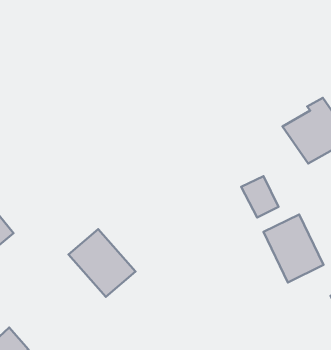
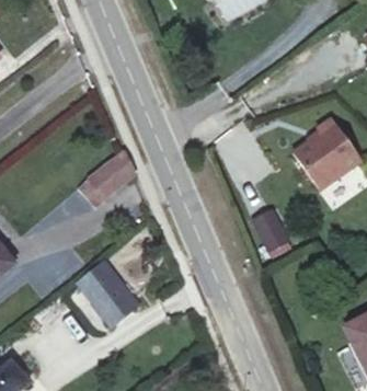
building: none -> [79,151,135,205]
building: [264,214,323,282] -> none

